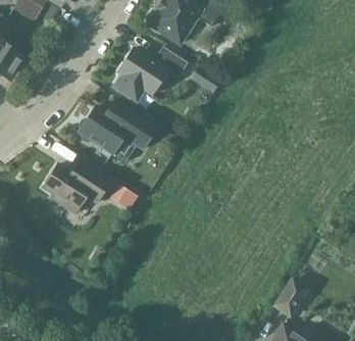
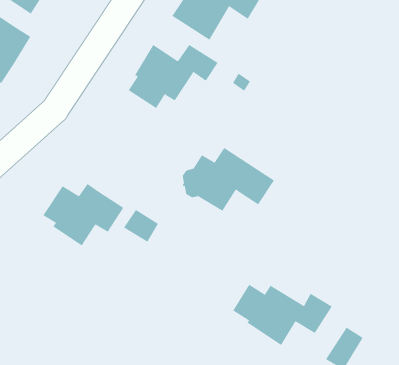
building: [79,100,155,153] -> [182,147,275,212]
building: none -> [233,284,332,346]

